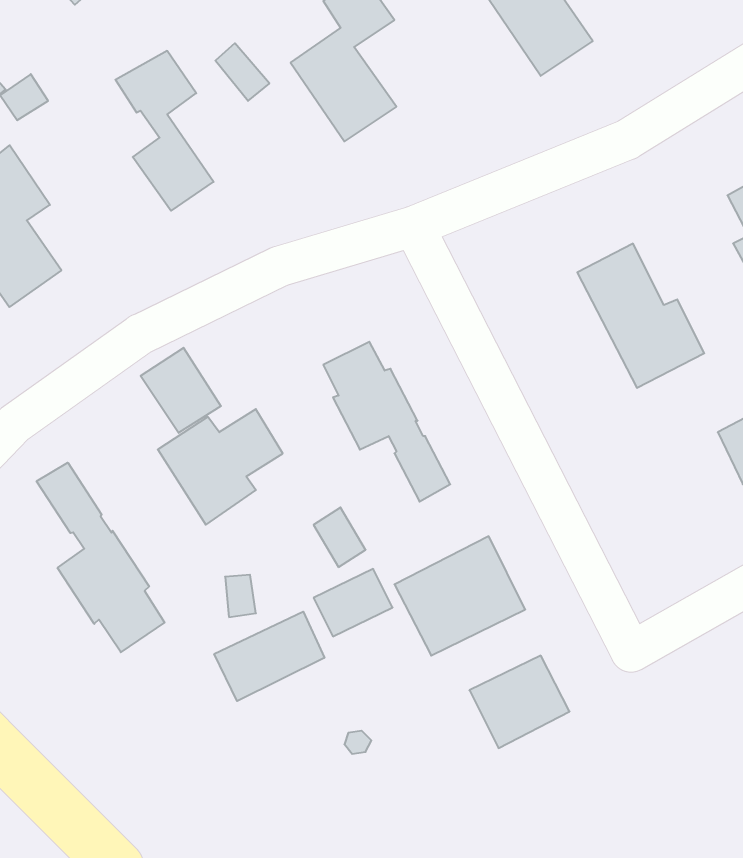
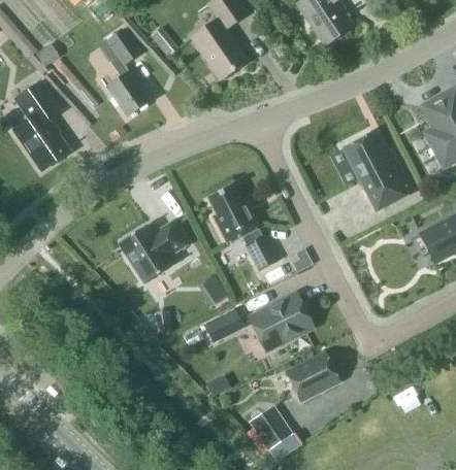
building: [141,348,221,433] -> none
building: [37,463,165,652] -> none
building: [214,612,324,701] -> none
building: none -> [253,409,292,451]

